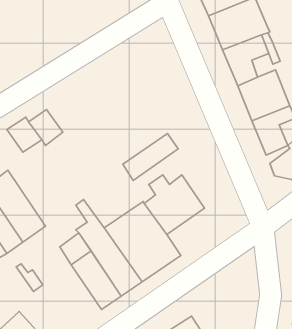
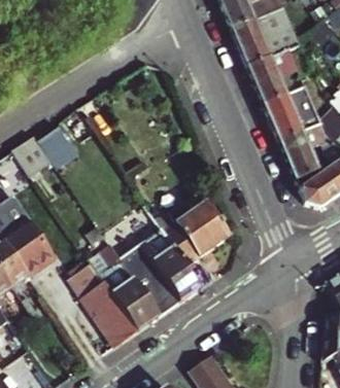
building: [123,133,178,180] -> none

